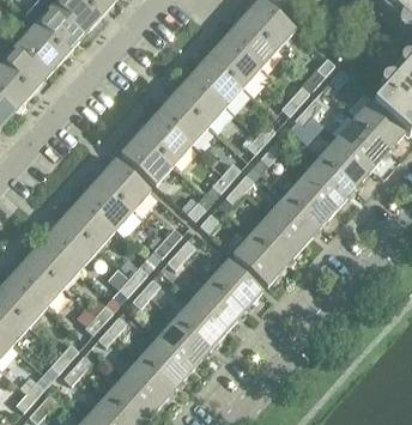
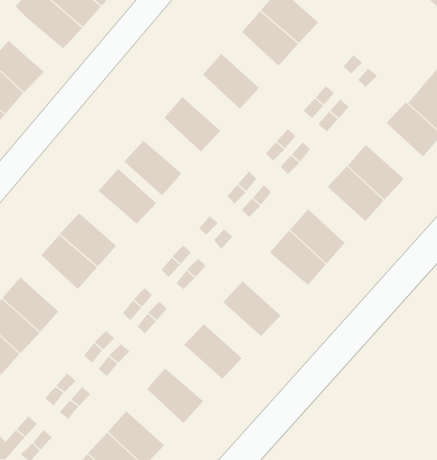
building: [17,25,66,73] -> none
building: [207,37,259,87] -> none
building: [172,75,224,126] -> none
building: [138,114,189,164] -> none
building: [337,119,388,169] -> none
building: [285,176,337,226] -> none
building: [80,180,132,229] -> none
building: [232,235,285,285] -> none
building: [28,237,79,287] -> none
building: [192,279,243,329] -> none
building: [157,317,208,368] -> none
building: [122,357,174,407] -> none

